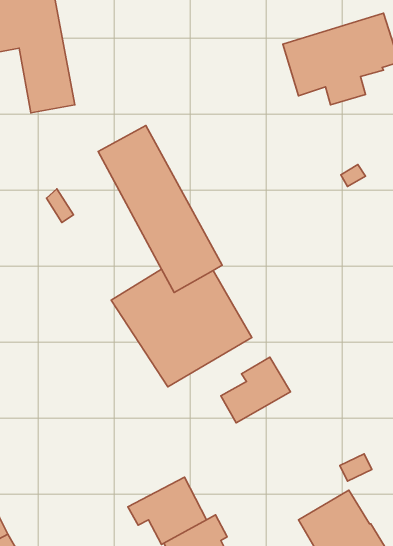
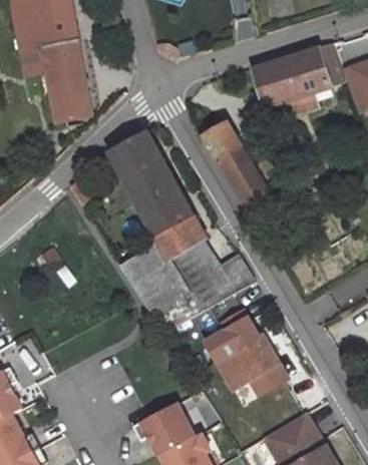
building: none -> [203,122,278,222]
building: none -> [214,254,255,295]
building: none -> [217,334,287,395]

